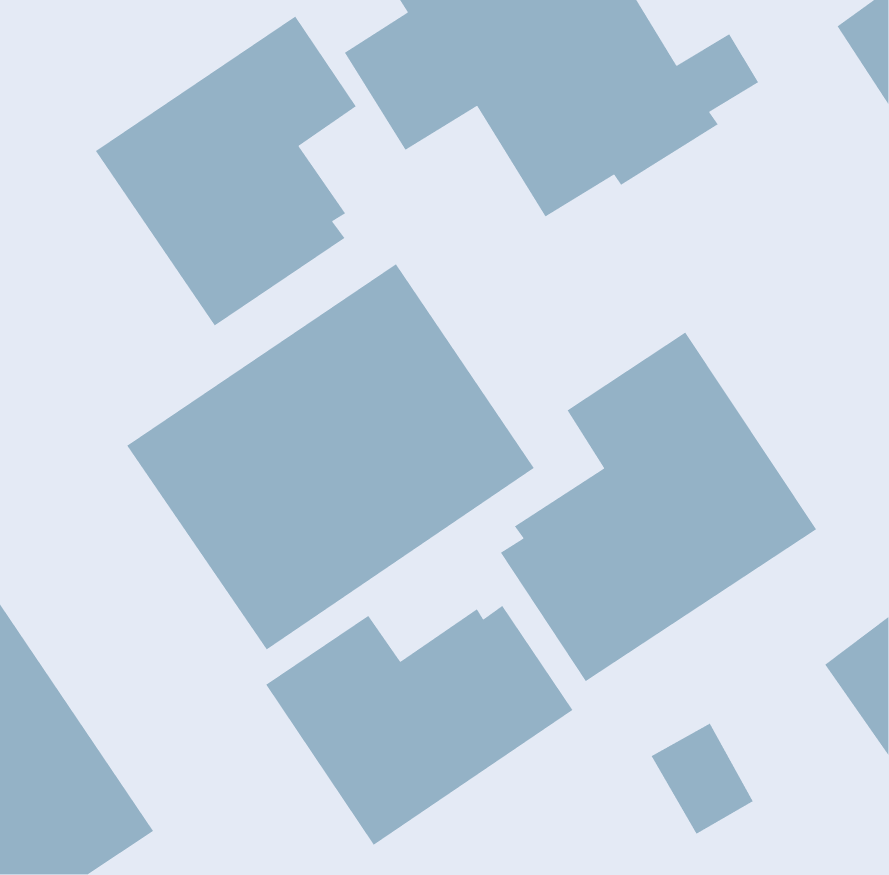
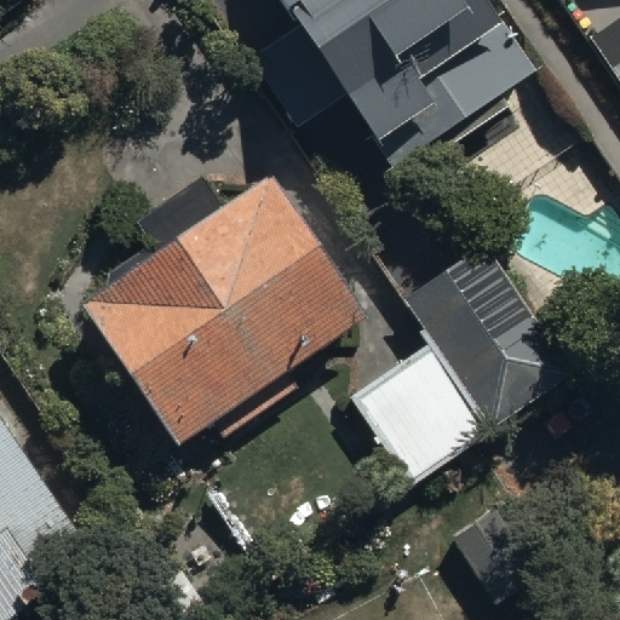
building: [95,16,357,327] -> none
building: [265,605,574,846] -> none

